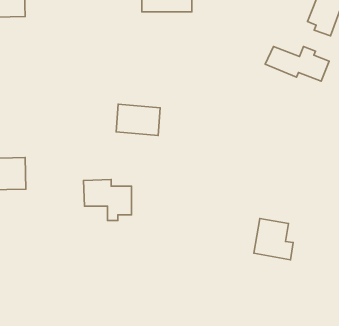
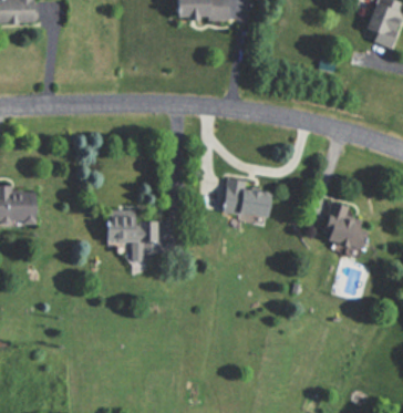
building: [265,46,329,81] -> none
building: [116,104,160,136] -> [221,183,272,219]
building: [254,219,293,260] -> [322,204,368,251]

